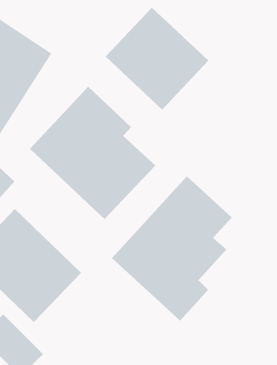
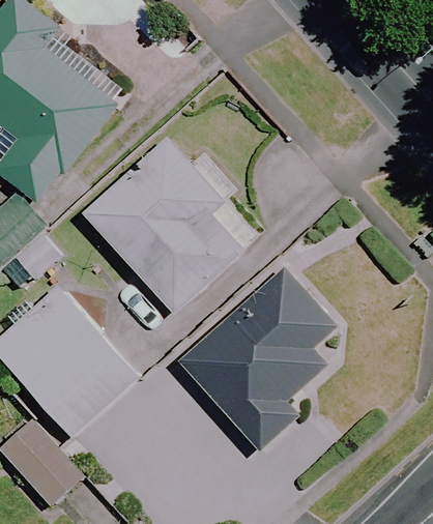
building: [105,7,209,110] -> none

